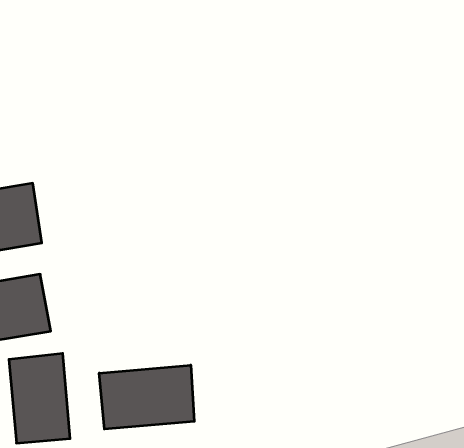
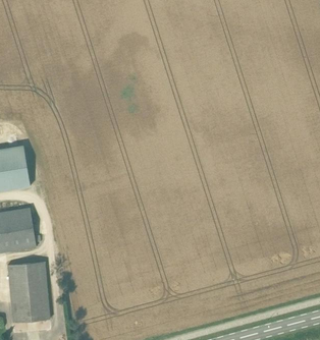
building: [99,365,194,429] -> none

